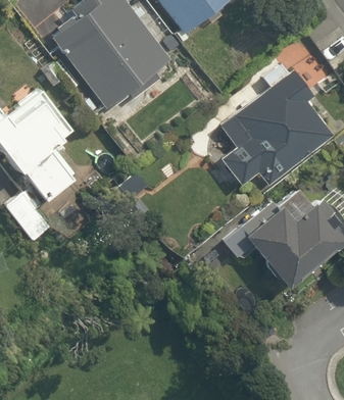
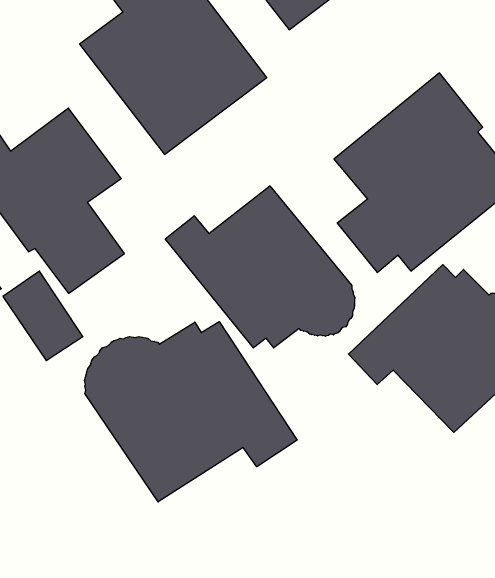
building: none -> [165,186,355,348]
building: none -> [85,322,297,502]

